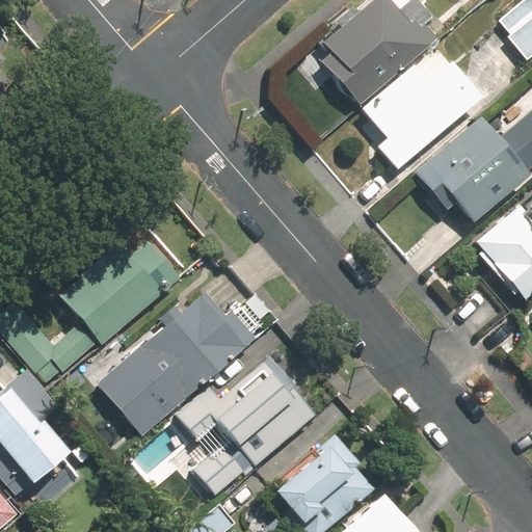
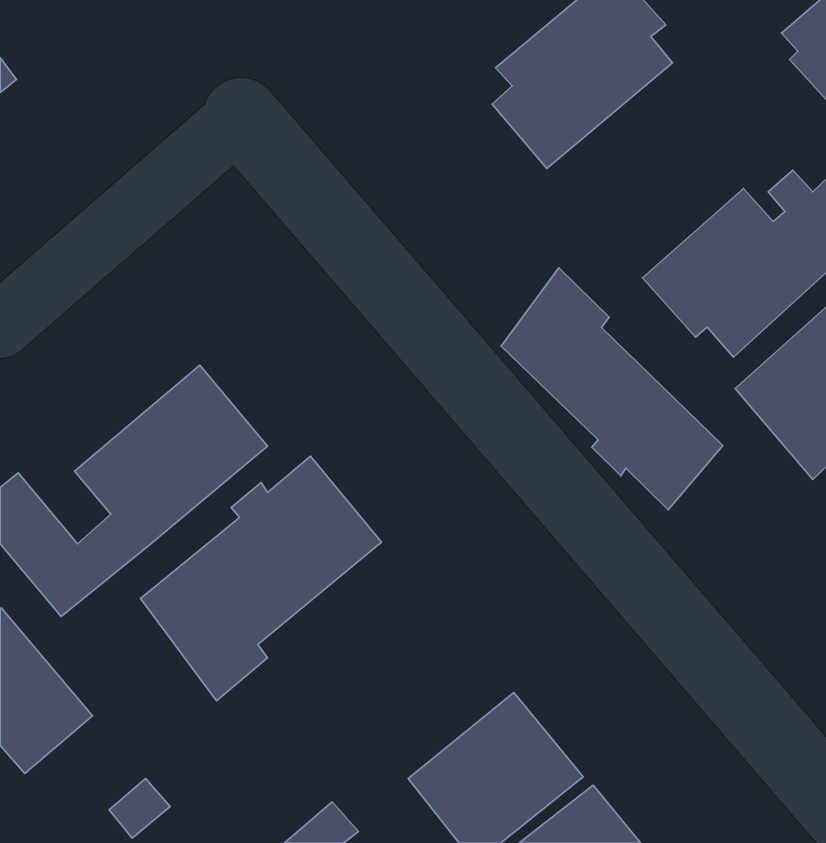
building: [364,59,482,169] -> none
building: none -> [501,268,723,510]
building: [180,357,316,495] -> none

